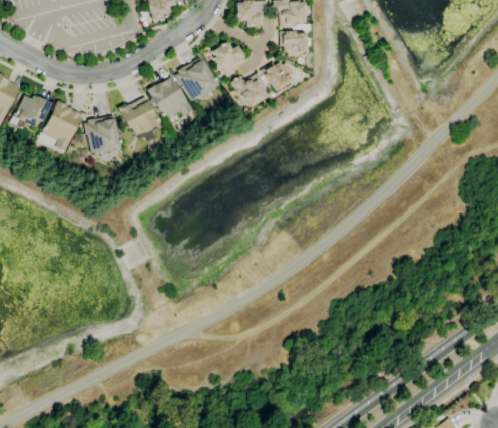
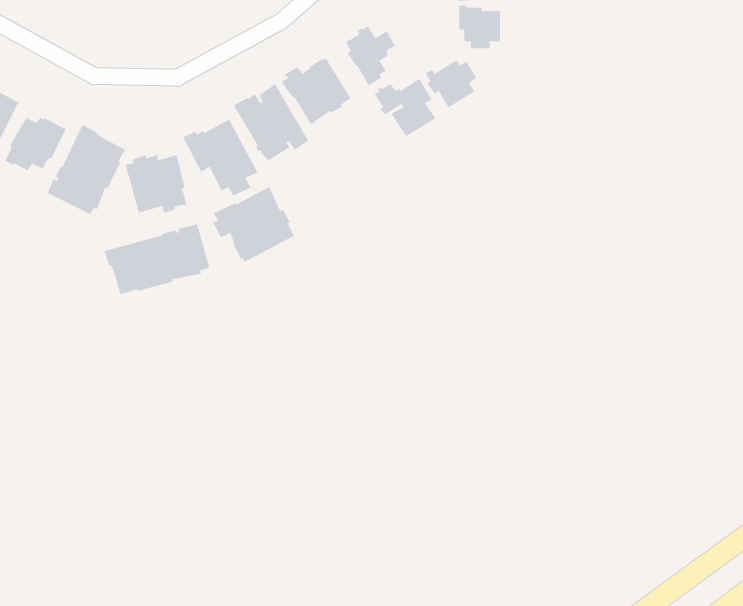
building: none -> [212,186,295,263]
building: none -> [103,223,210,295]

